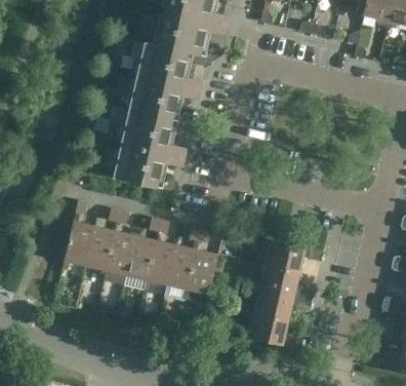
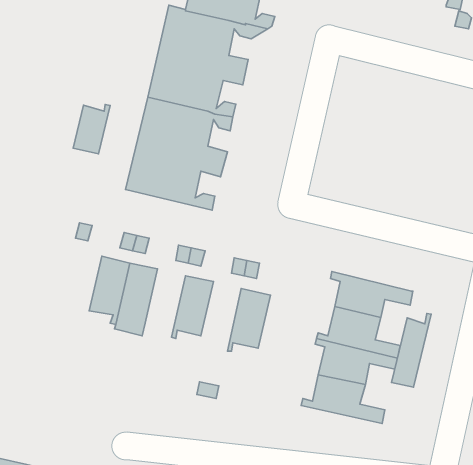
building: none -> [73,104,110,154]
building: [63,221,94,268] -> none
building: [126,235,156,285] -> none
building: [167,244,197,296] -> none
building: none -> [392,313,431,387]

